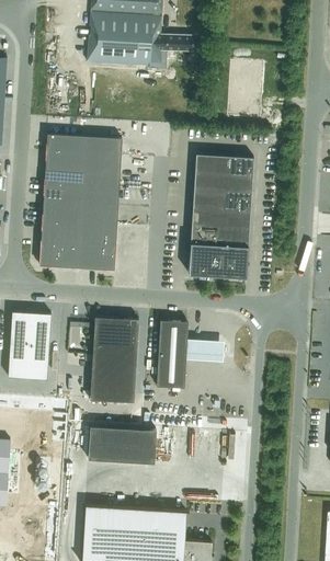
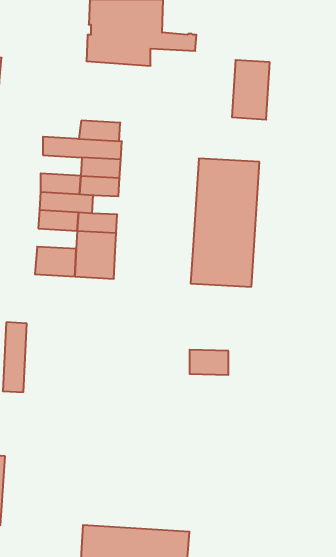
building: [44,151,83,171] -> [79,121,120,141]
building: [93,190,118,208] -> none
building: [41,221,79,241] -> none
building: [27,312,50,379] -> none
building: [89,317,138,401] -> none
building: [156,320,187,388] -> none
building: [88,425,156,462] -> none

